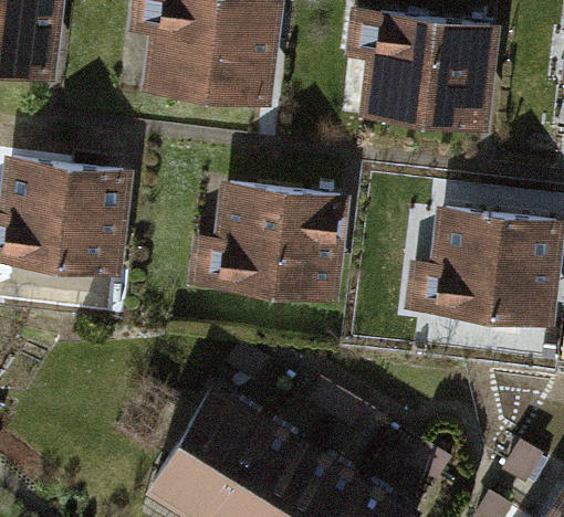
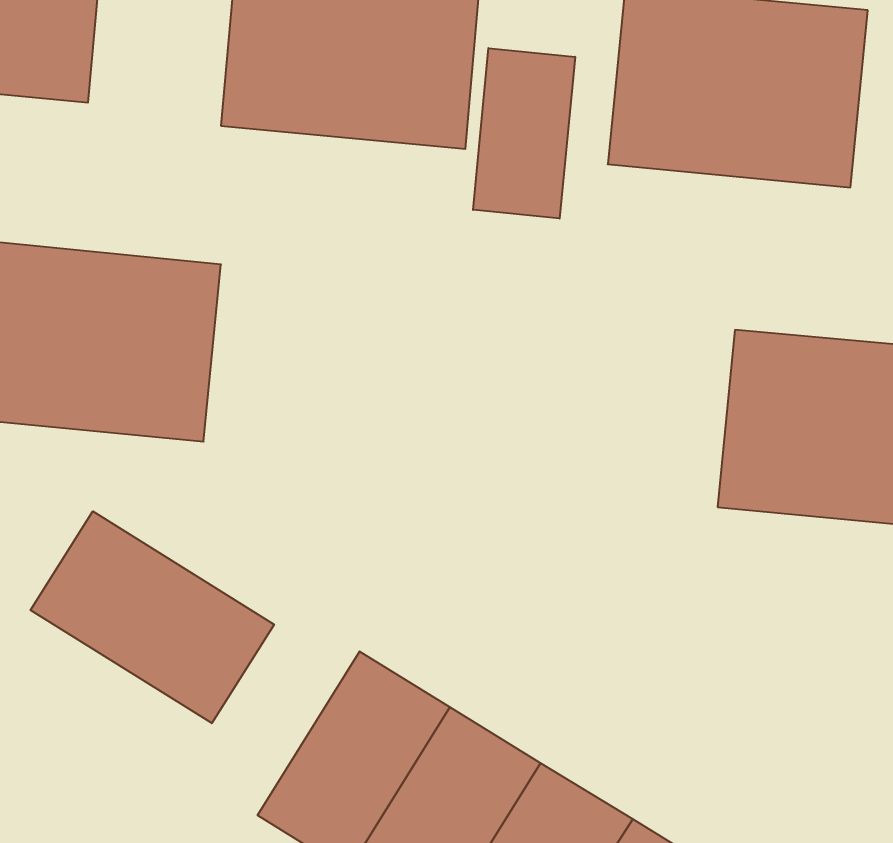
building: none -> [473,48,575,219]
building: [197,186,346,300] -> none
building: none -> [31,511,274,723]

